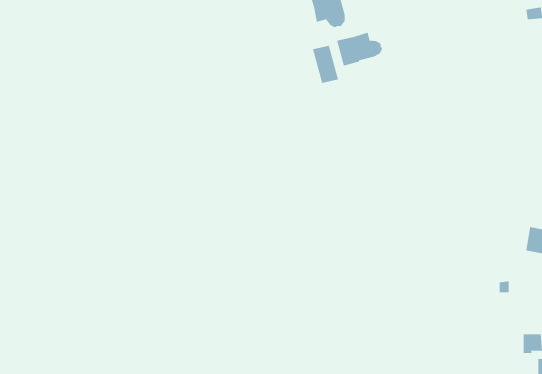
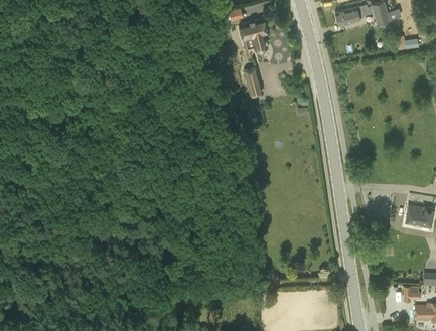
building: [337,32,383,67] -> none

